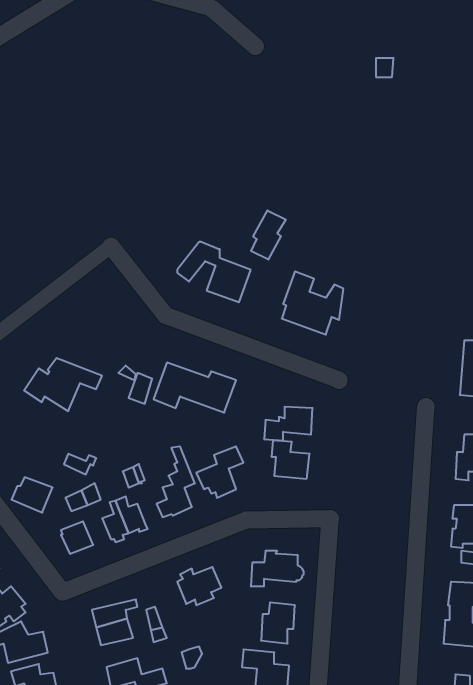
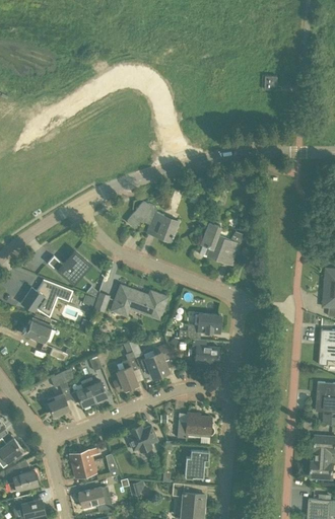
building: [251,210,286,260] -> none
building: none -> [48,251,86,281]
building: [11,477,53,513] -> [22,319,51,344]

